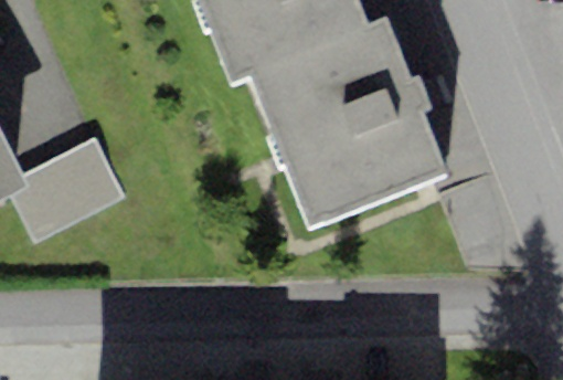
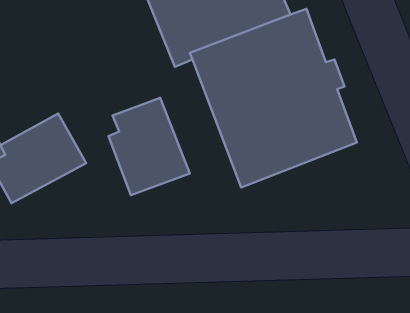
building: none -> [108,98,190,195]

